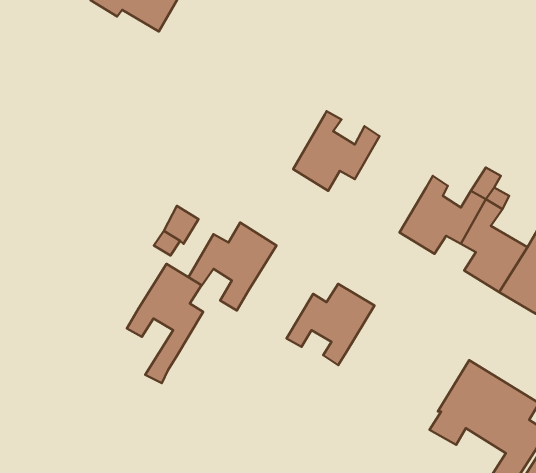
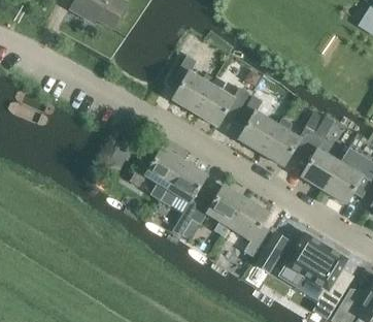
building: none -> [171,55,215,114]
building: none -> [237,95,278,153]
building: [127,264,203,383] -> [161,161,208,235]
building: none -> [229,198,271,256]
building: none -> [256,232,289,271]

